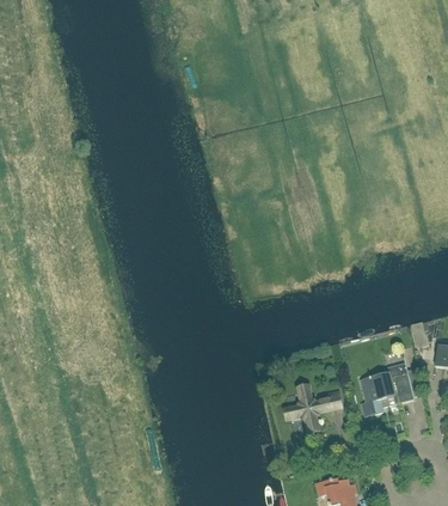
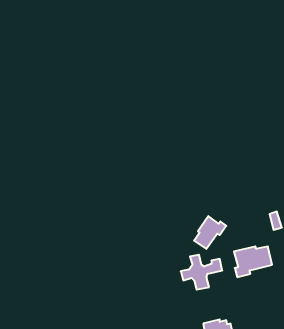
building: none -> [194,216,226,249]

